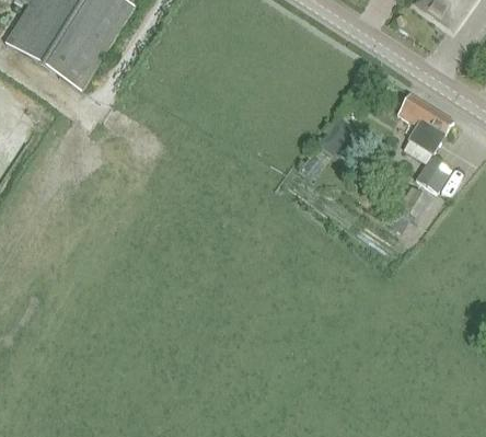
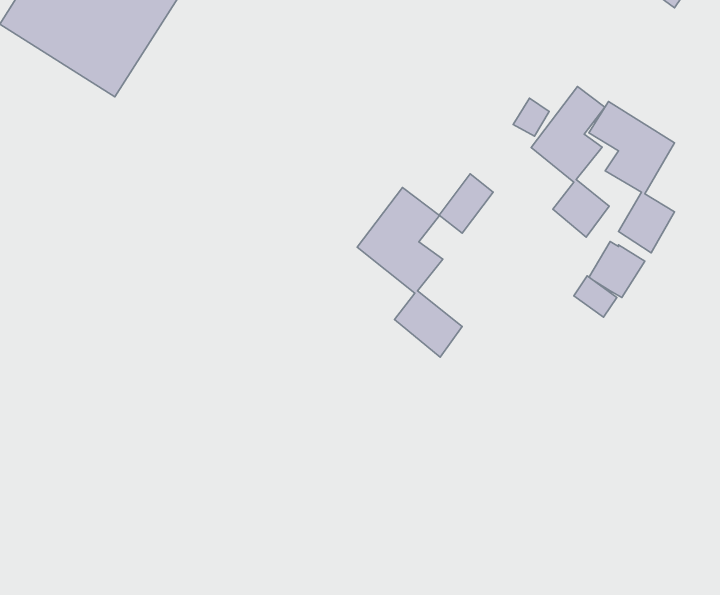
building: none -> [531,87,609,237]
building: none -> [357,188,462,357]

